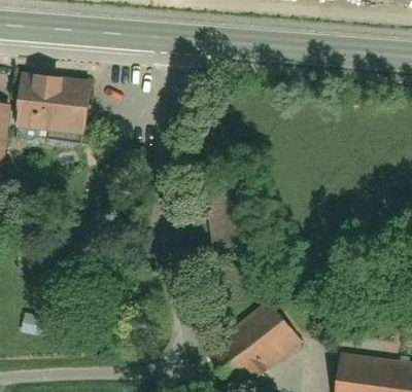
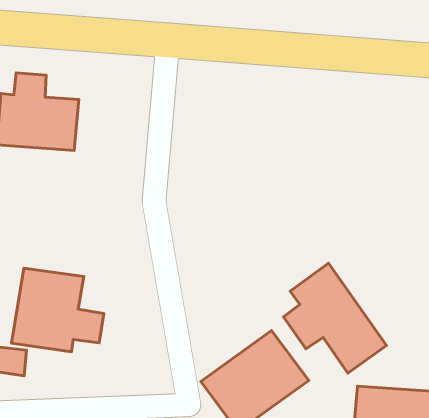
building: none -> [283,263,386,373]
building: none -> [12,268,104,352]

